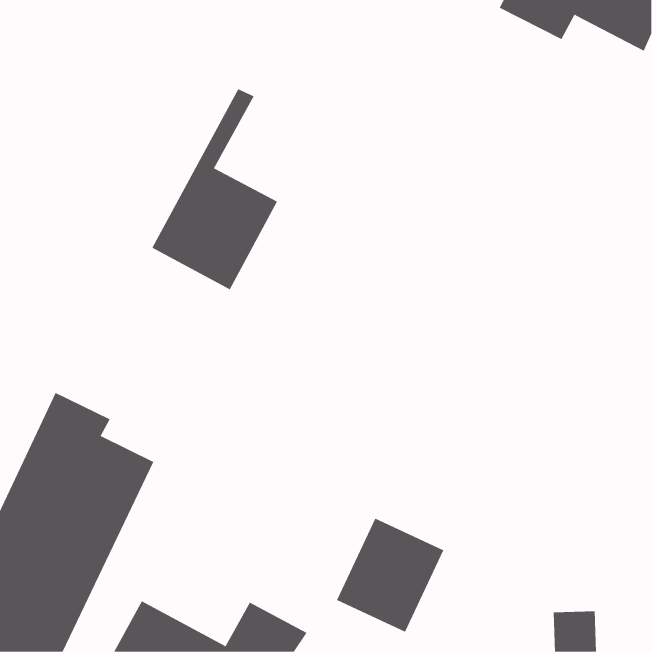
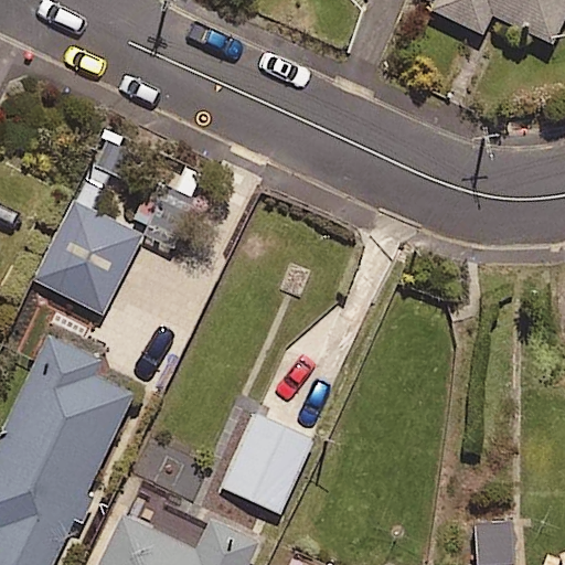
building: [152,88,278,290] -> [33,142,141,316]
building: [336,518,444,632] -> [221,415,313,513]

